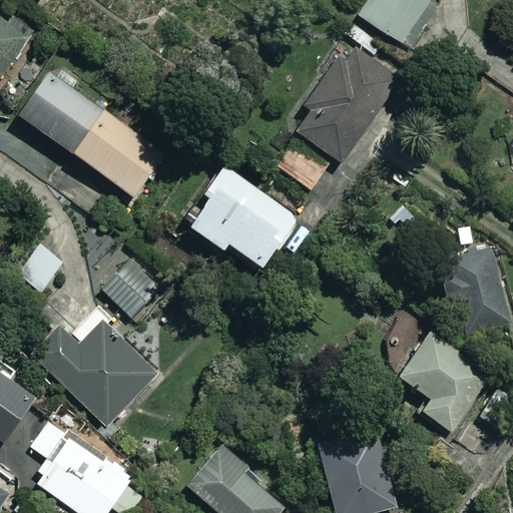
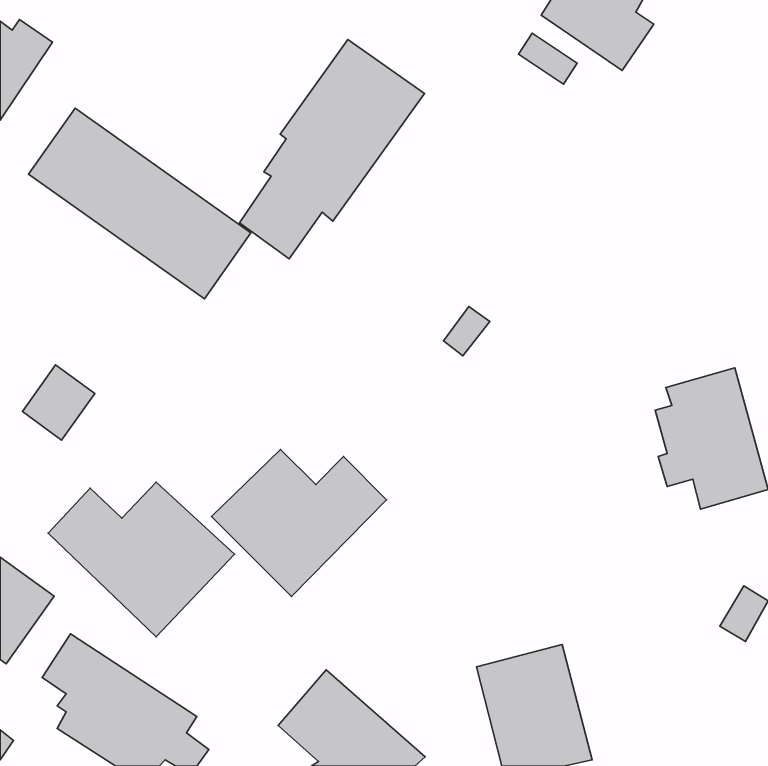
building: [278,43,401,189] -> [240,40,425,259]
building: [189,165,299,269] -> none
building: [100,265,154,319] -> none
building: none -> [212,450,387,596]
building: [399,334,490,432] -> none

